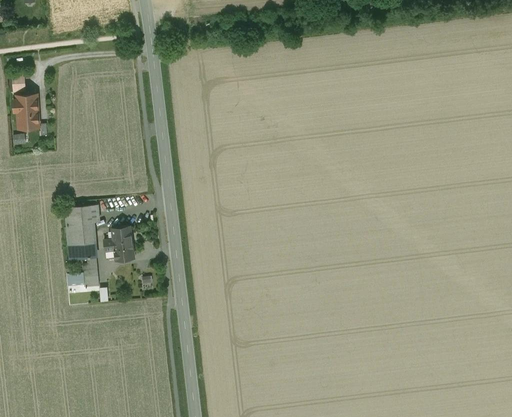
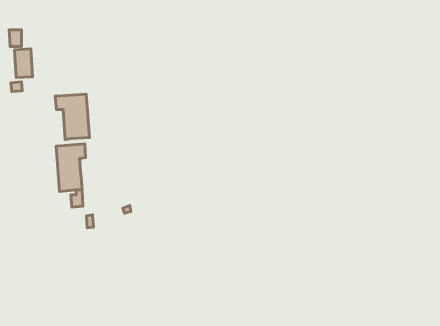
building: none -> [55,94,89,140]
building: [103,226,133,260] -> none

